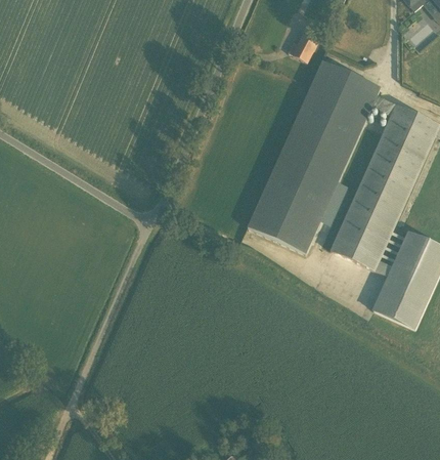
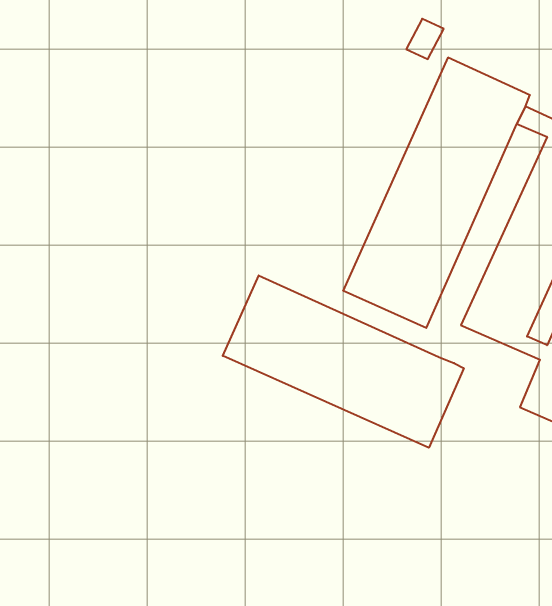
building: none -> [223,275,464,448]

